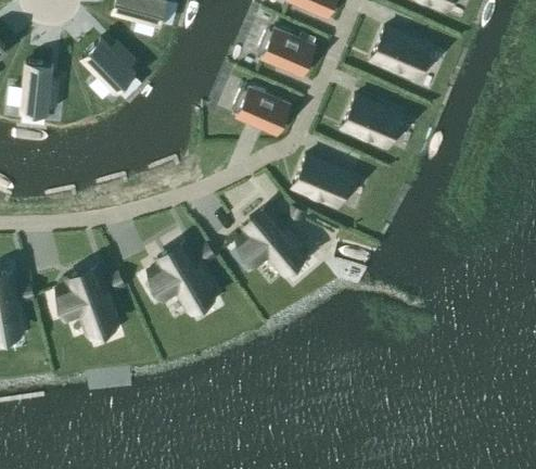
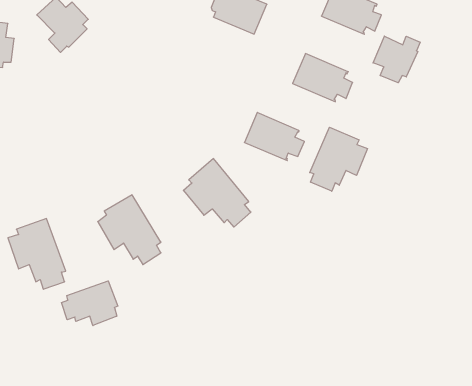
building: none -> [373,36,420,83]
building: [235,88,293,136] -> none
building: none -> [310,127,368,191]
building: none -> [62,281,118,326]

